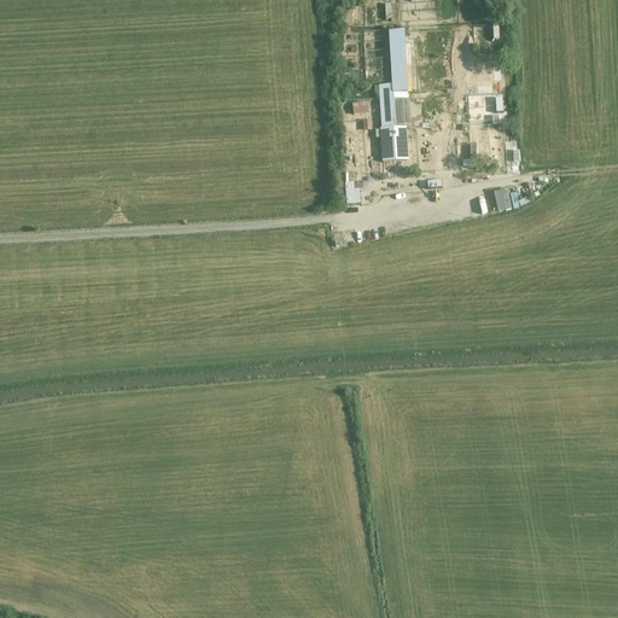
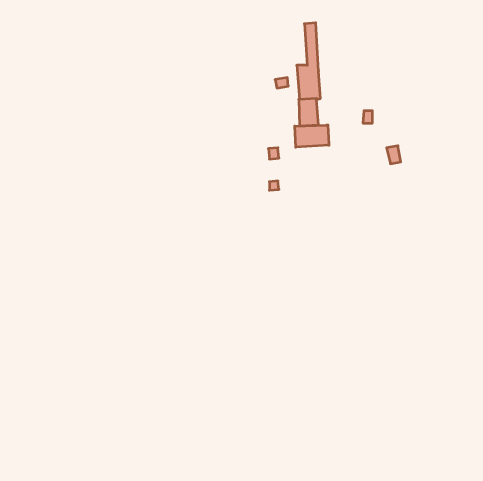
building: none -> [295,125,329,147]

